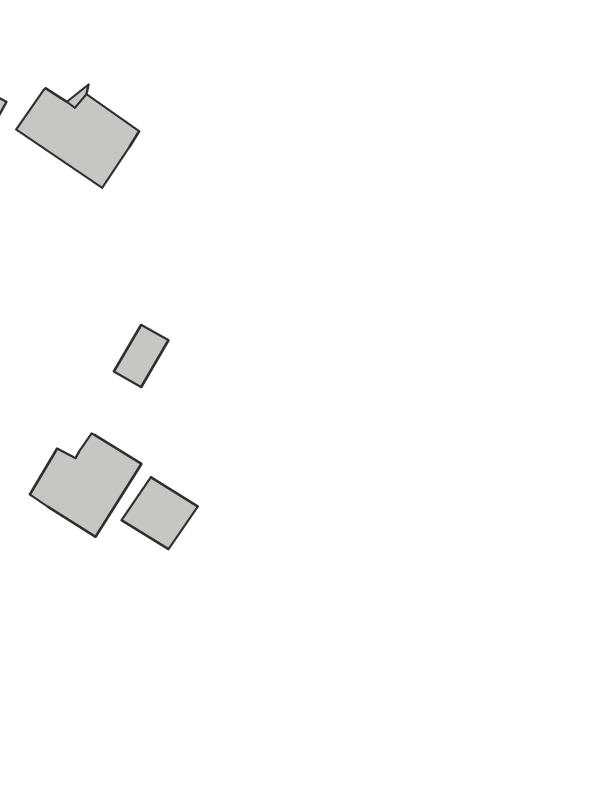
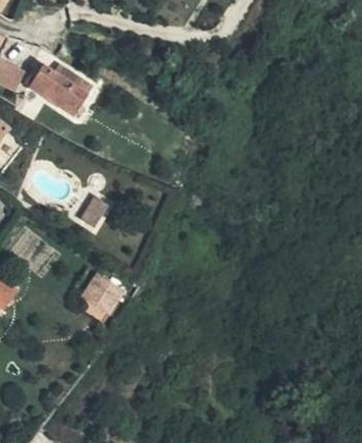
building: [30,434,141,537] -> none

